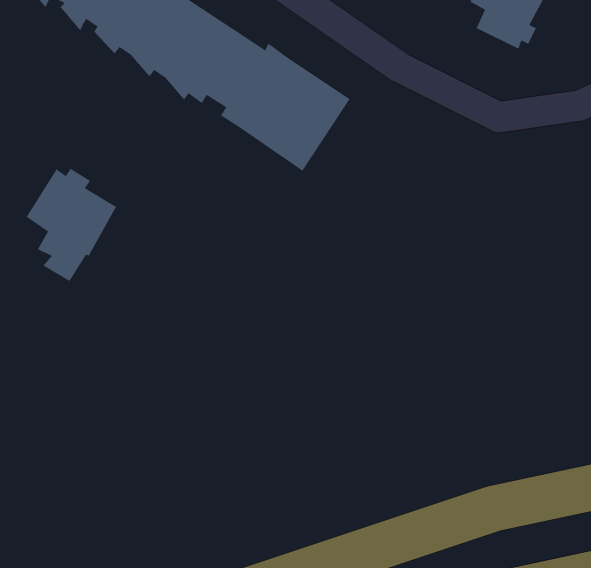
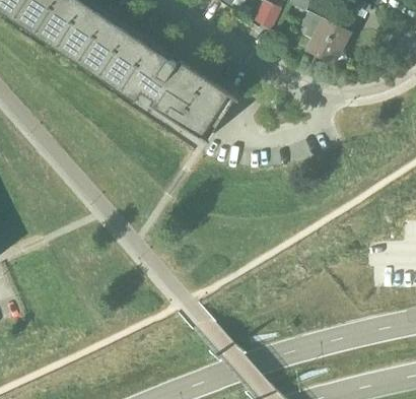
building: [26,168,117,282] -> none

